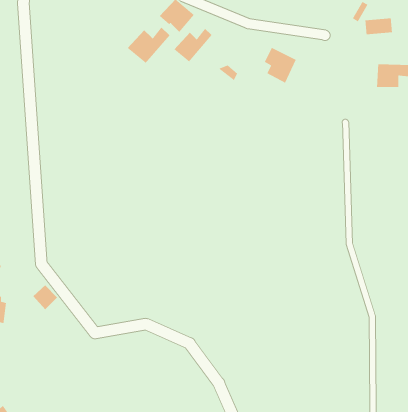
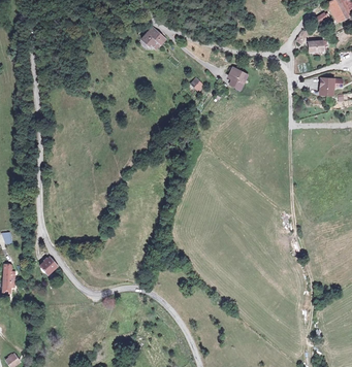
building: [127,26,171,64] -> none
building: [173,28,213,62] -> none

